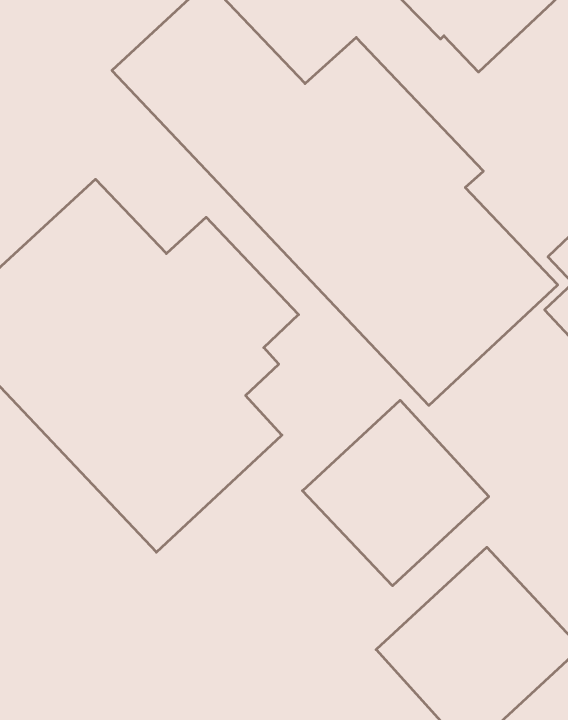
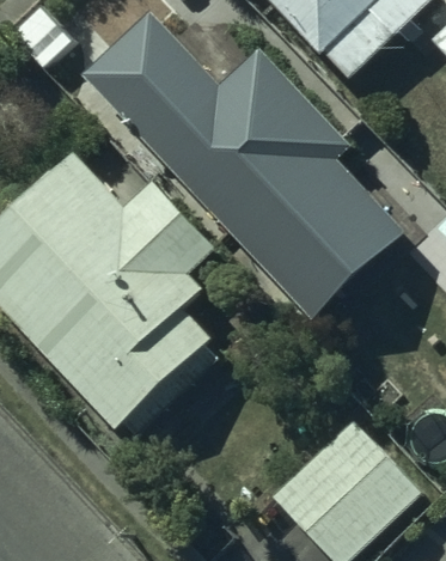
building: [302,400,489,586] -> none

